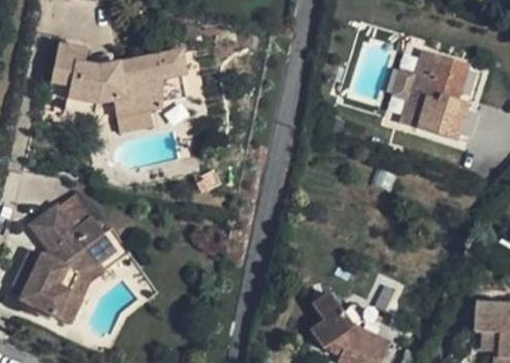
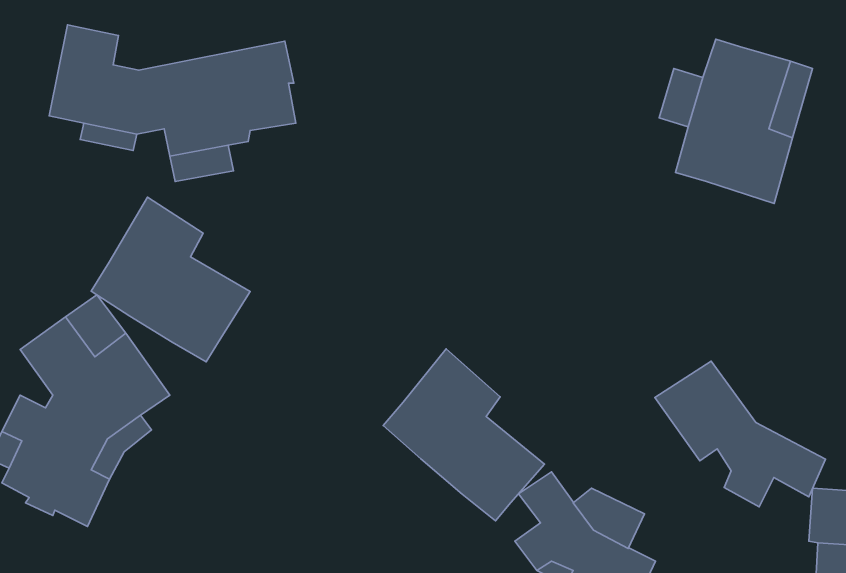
building: none -> [91,197,250,362]
building: none -> [383,349,544,521]
building: none -> [655,361,826,507]

